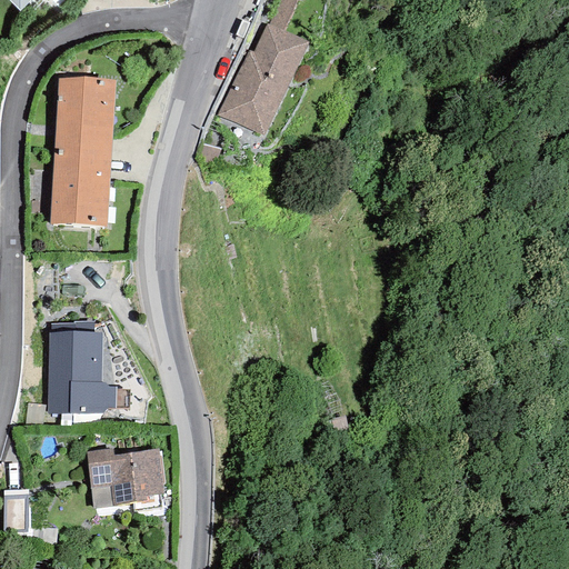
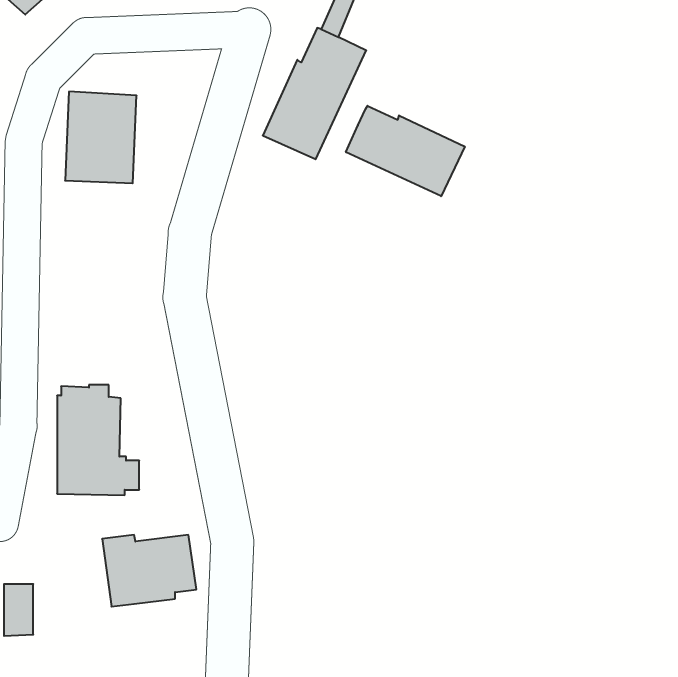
building: none -> [346,106,465,196]
building: [50,151,111,227] -> none

